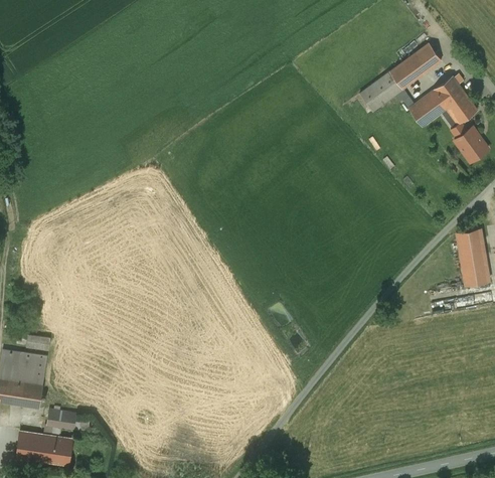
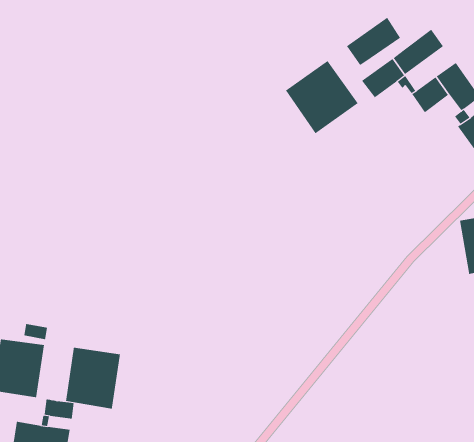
building: none -> [346,17,401,66]
building: none -> [285,60,358,134]
building: none -> [65,347,121,409]

